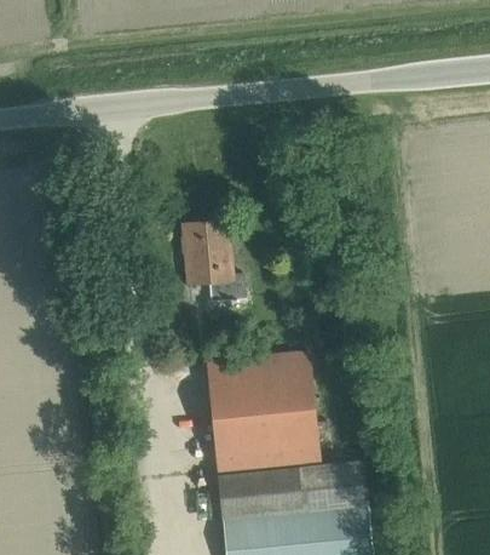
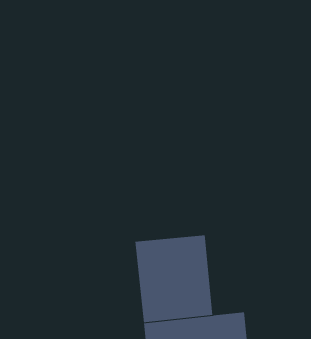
building: [183,224,232,288] -> none

